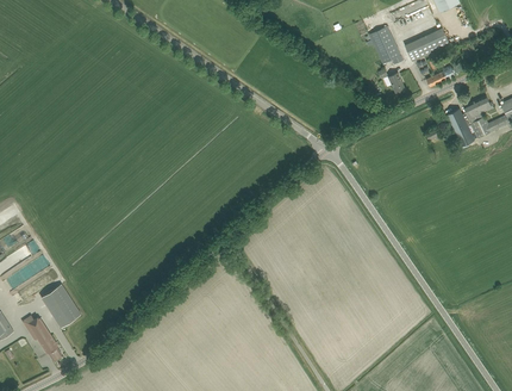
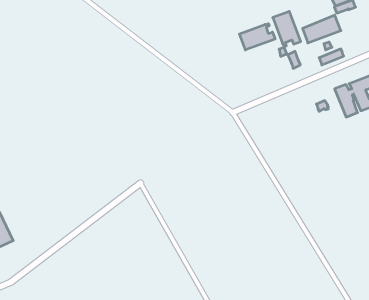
building: none -> [239,24,275,50]

